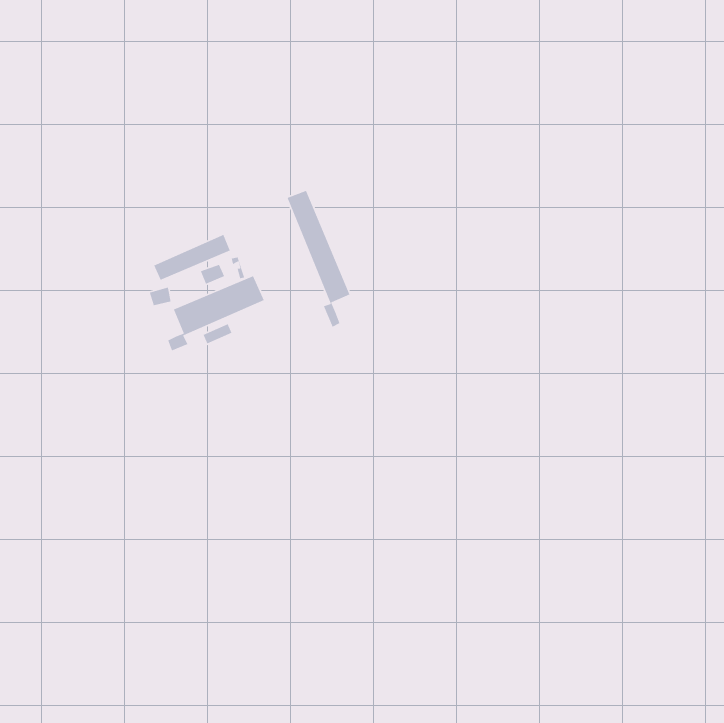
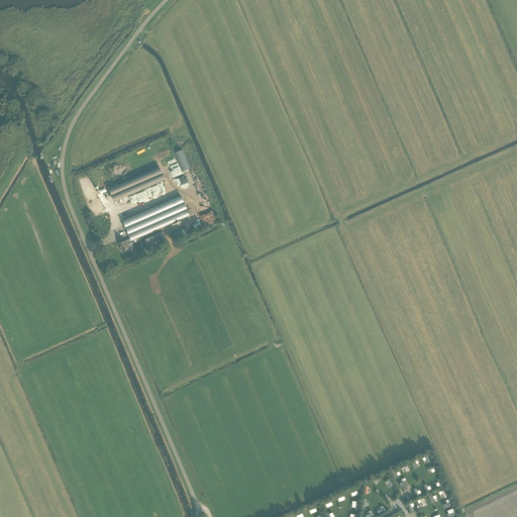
building: [286,190,351,328] -> none

